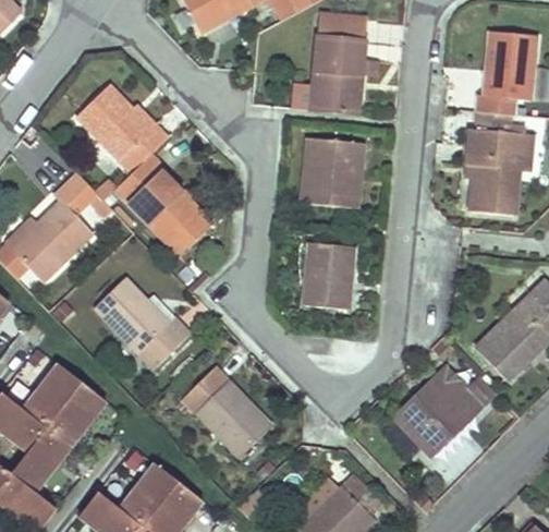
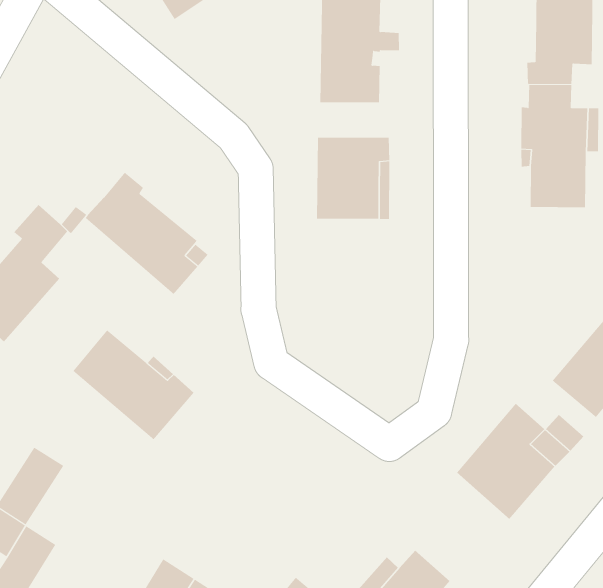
building: [77,87,166,171] -> none
building: [302,243,354,310] -> none
building: [182,366,271,458] -> none
building: [47,383,105,445] -> none

